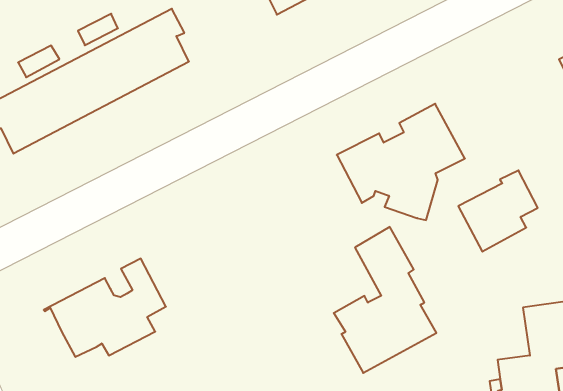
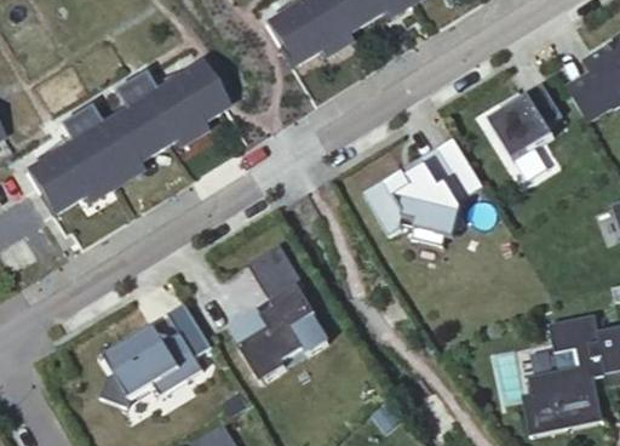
building: [458,170,538,252] -> [488,82,563,161]
building: [334,227,436,373] -> [231,242,329,382]

